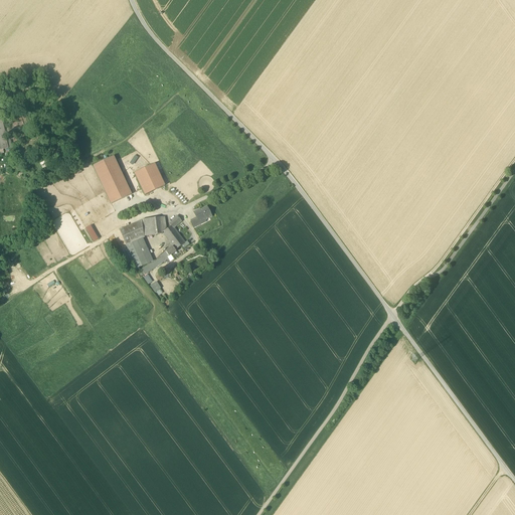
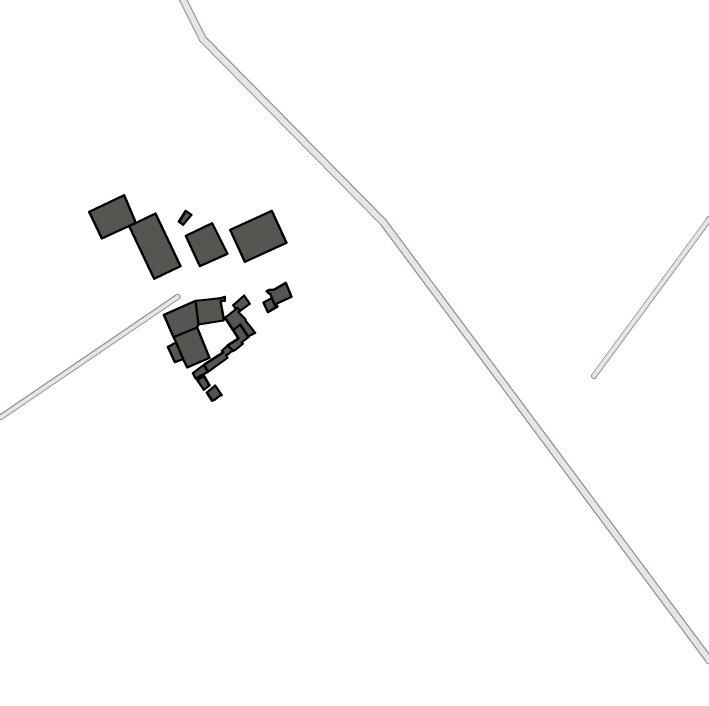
building: none -> [89,195,136,239]
building: none -> [230,211,286,262]

